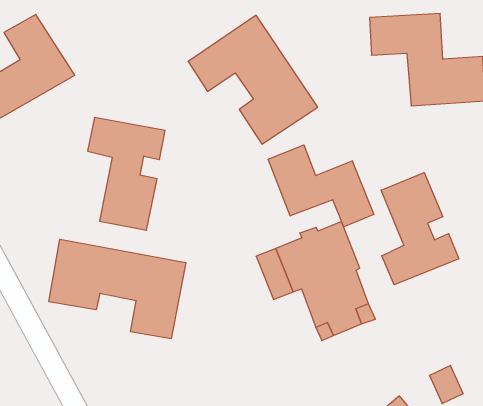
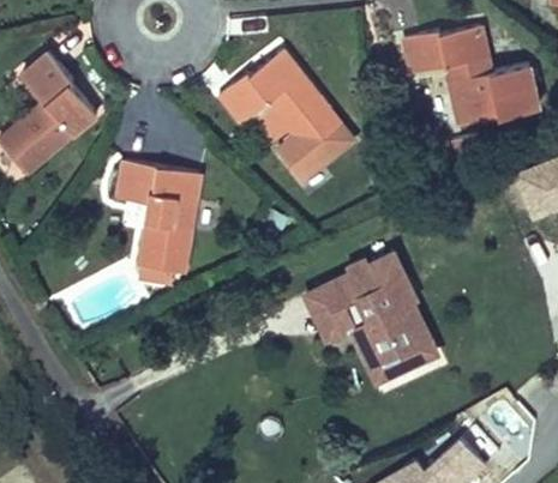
building: [268,145,374,227] -> none
building: [381,172,459,285] -> none
building: [49,239,186,339] -> none

